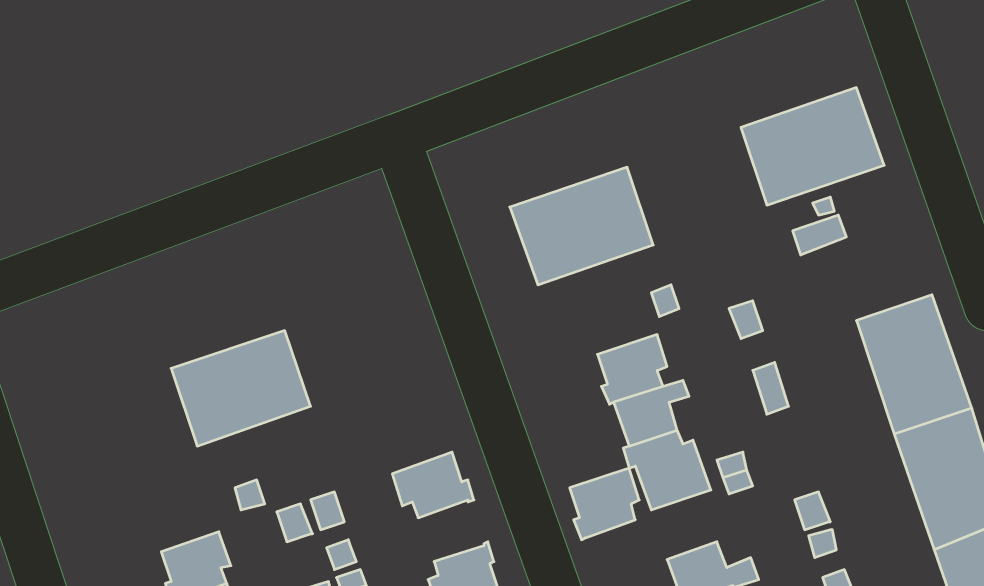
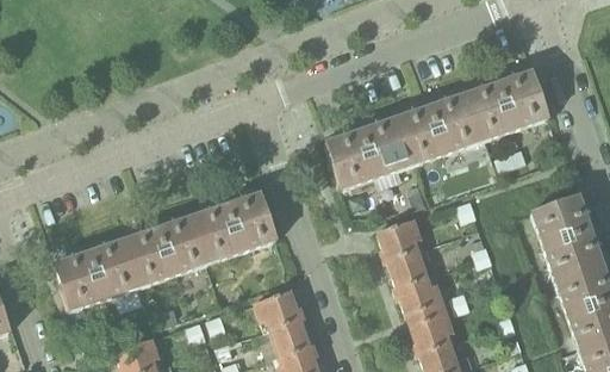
building: none -> [394,95,478,166]
building: none -> [189,192,275,262]
building: none -> [52,240,137,310]
building: [570,468,639,540] -> [409,312,450,355]
building: none -> [256,318,309,355]

